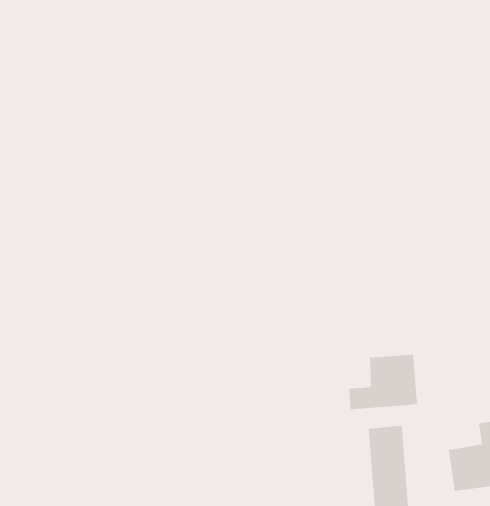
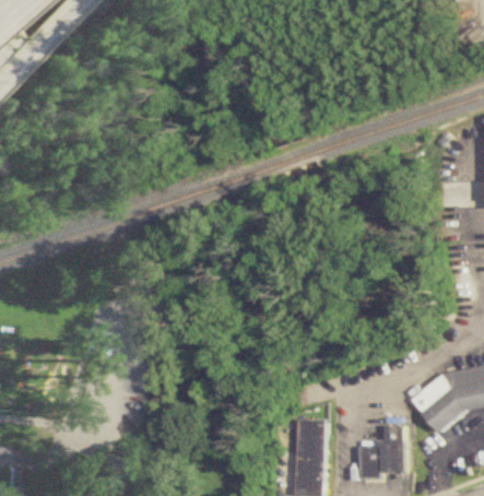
building: [348,354,418,410] -> none

